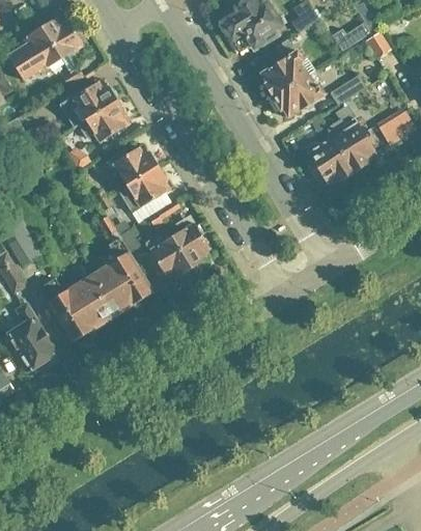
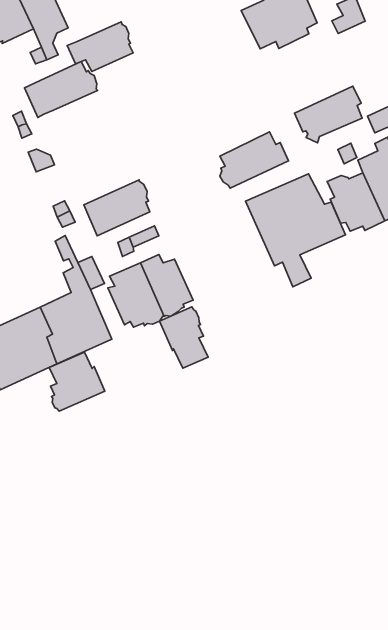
building: [261,50,315,97] -> [220,132,289,188]
building: [78,100,130,141] -> [67,22,133,71]
building: none -> [245,174,345,287]
building: [110,144,159,190] -> none
building: none -> [159,307,208,368]
building: none -> [49,352,105,411]

